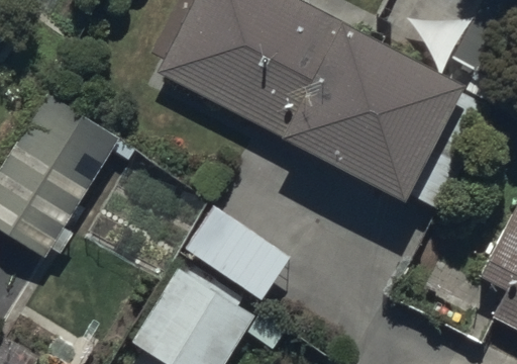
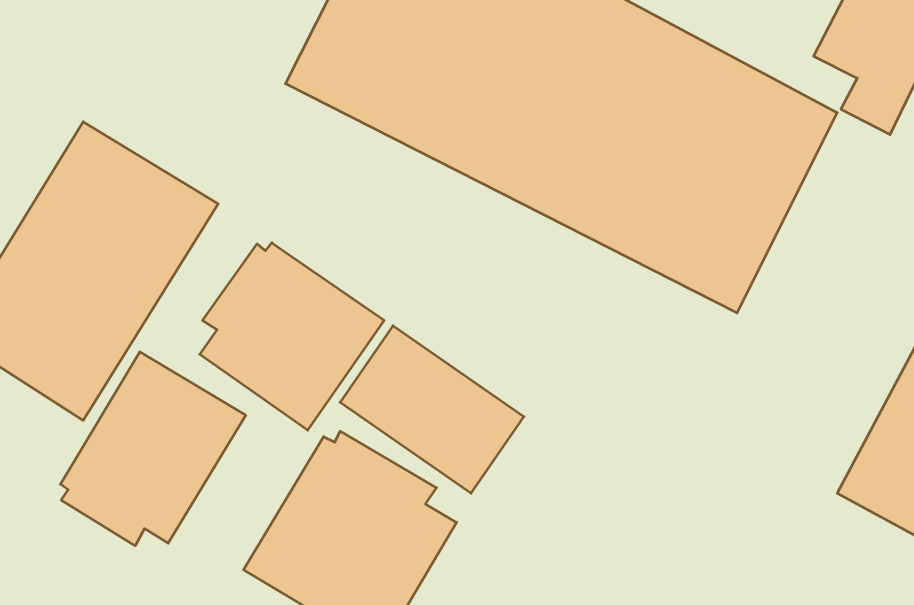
building: none -> [200,243,384,430]
building: none -> [60,352,246,546]

